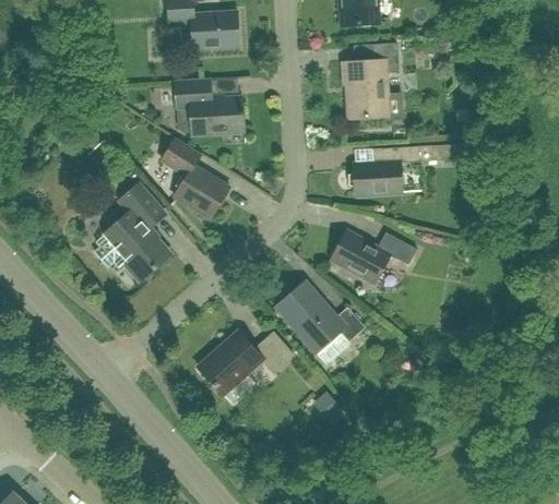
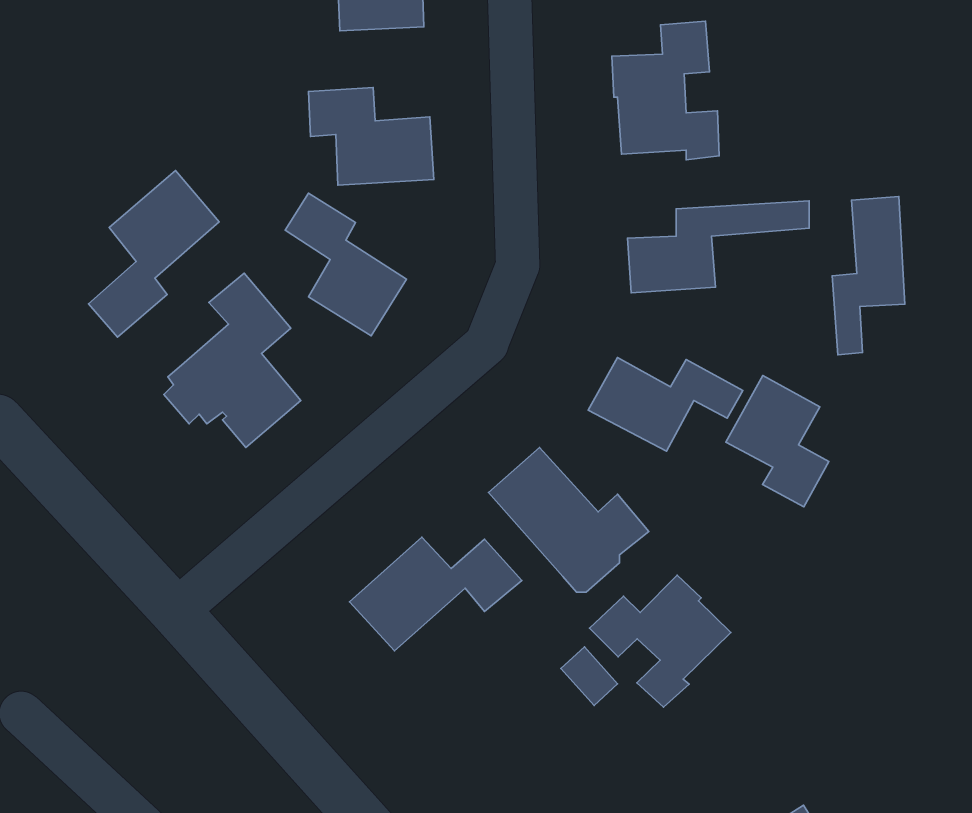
building: none -> [88,170,219,337]
building: none -> [832,197,905,355]
building: none -> [726,375,829,507]
building: none -> [589,575,731,707]

